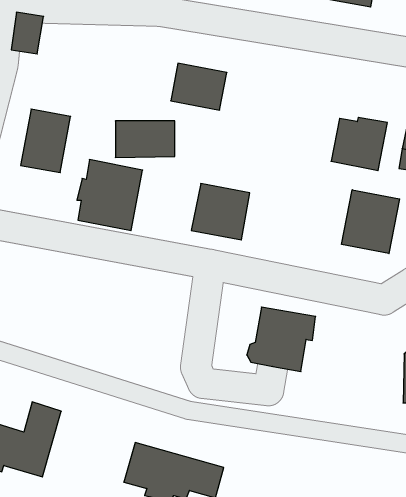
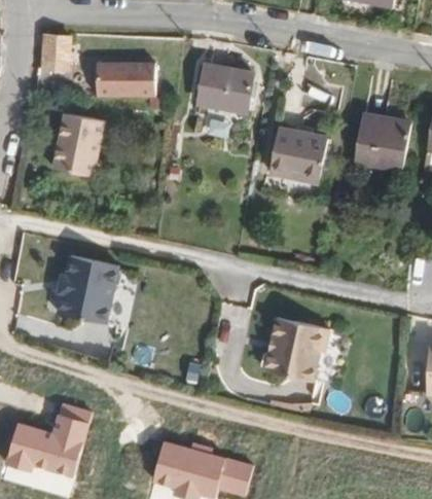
building: [115,121,175,157] -> [93,59,151,95]
building: [77,160,143,231] -> [60,256,124,326]
building: [191,184,250,240] -> [267,131,325,186]
building: [342,190,400,254] -> none

